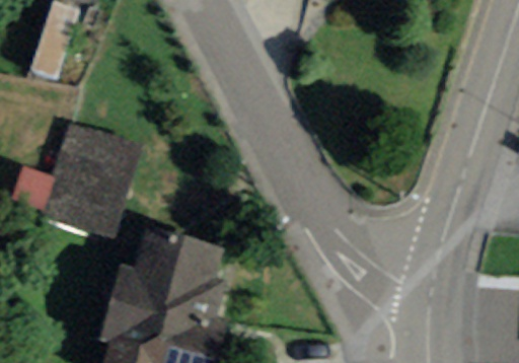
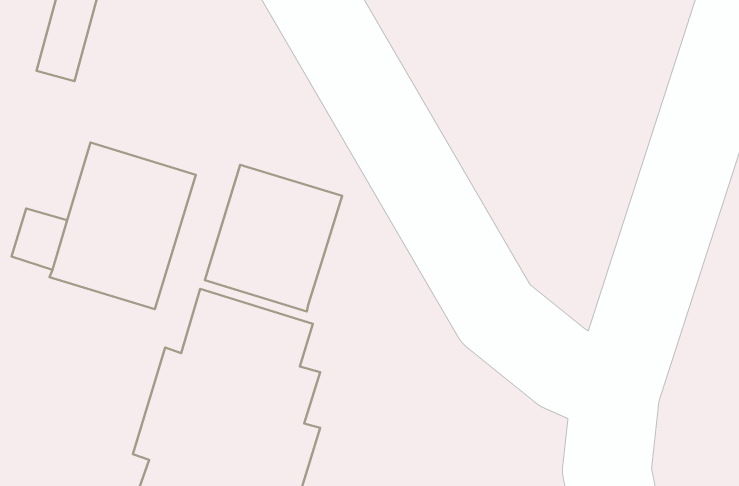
building: none -> [205,165,342,311]

